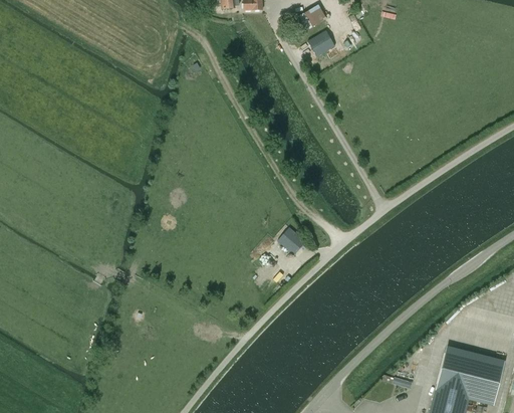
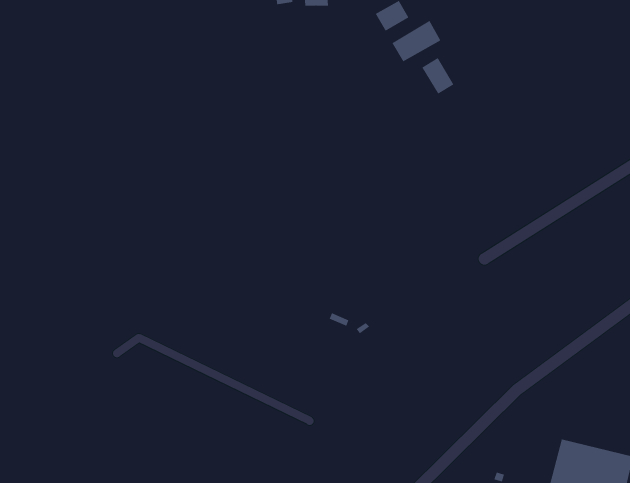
building: none -> [422,57,454,95]
building: [277,228,306,256] -> none

